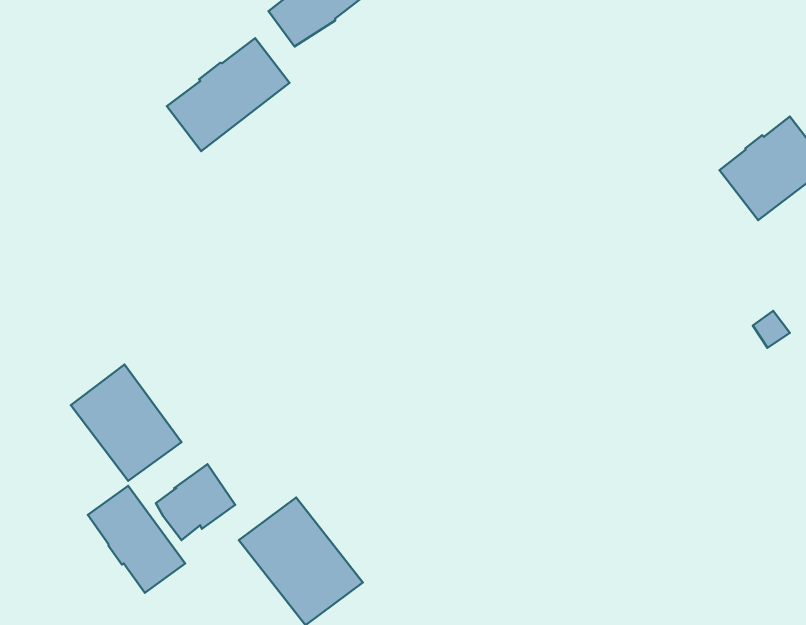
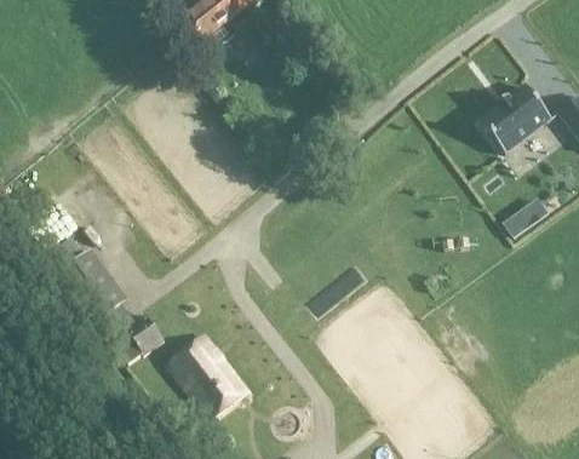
building: [167,38,289,151] -> none
building: [88,486,185,593] -> none

